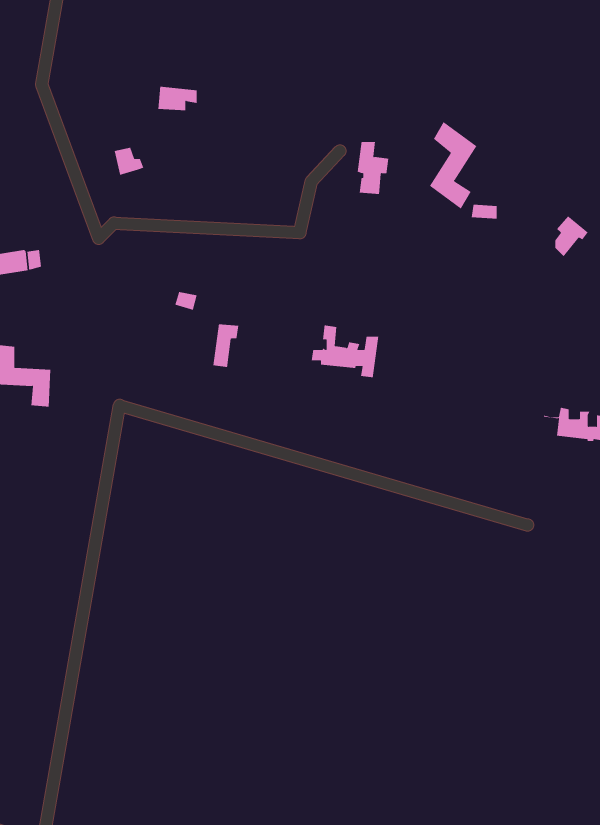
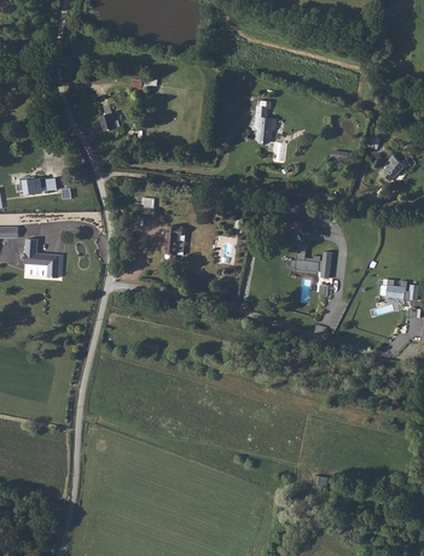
building: [429,121,477,210] -> none
building: [311,325,379,378] -> [287,245,331,279]

